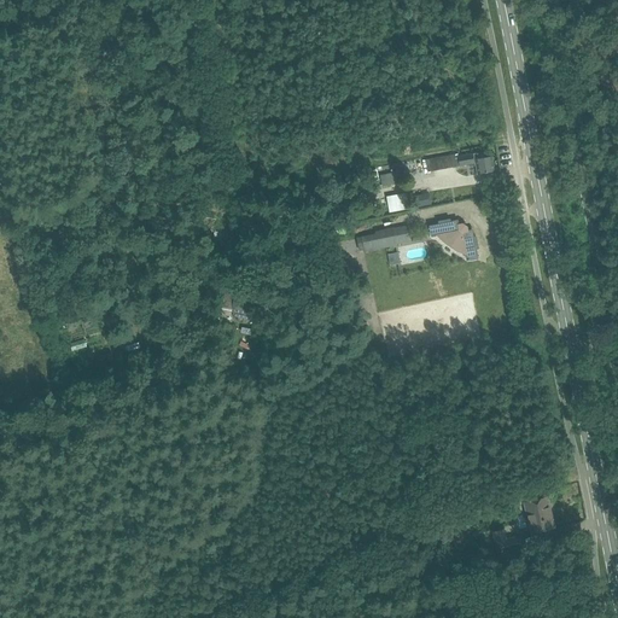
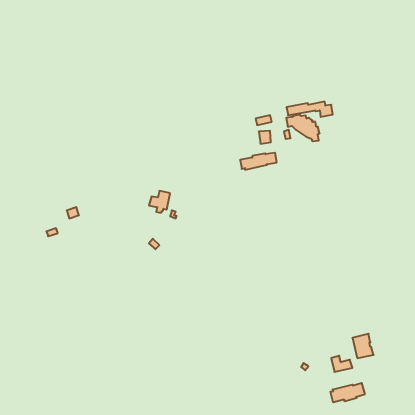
building: [427,220,477,260] -> [286,115,320,141]
building: none -> [330,383,365,402]

